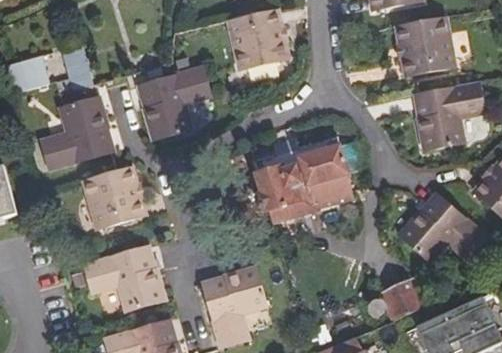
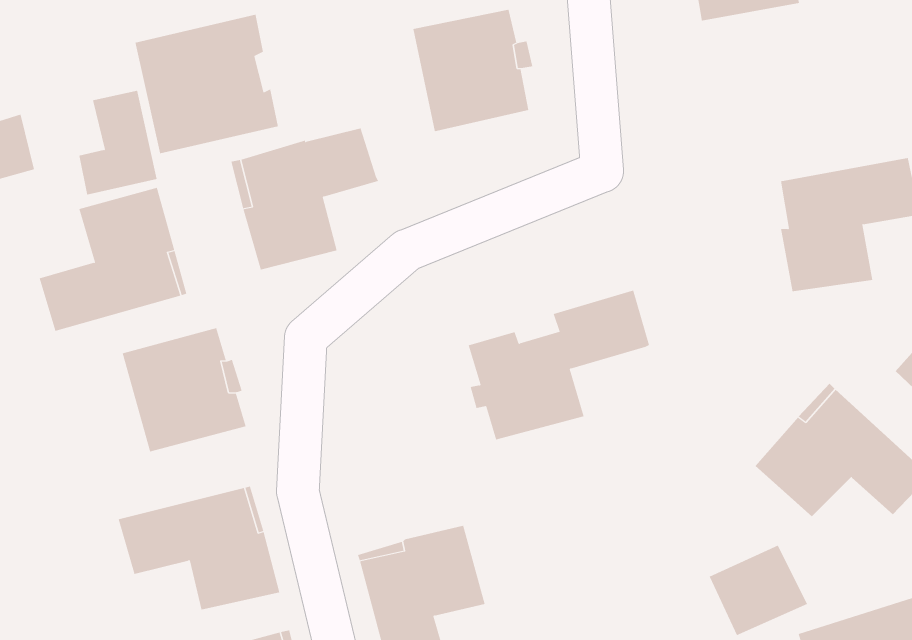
building: none -> [135,14,278,154]
building: [396,17,453,79] -> none
building: [308,177,353,212] -> none

